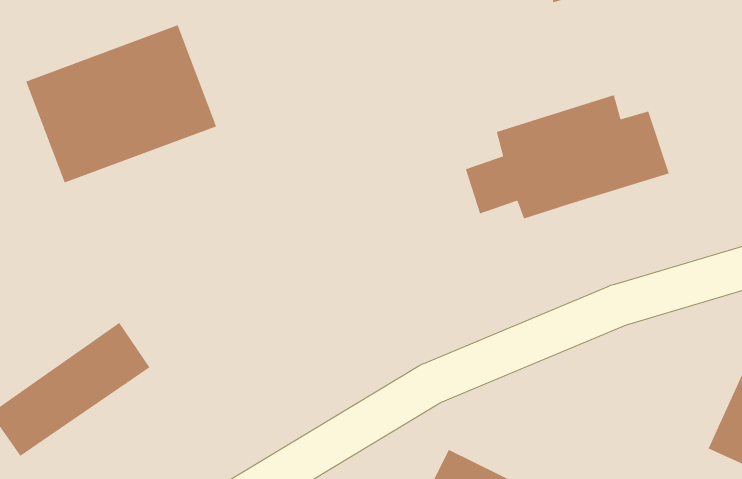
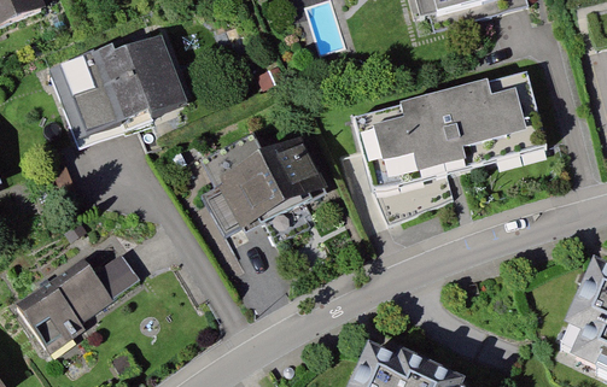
building: none -> [198,127,333,238]

